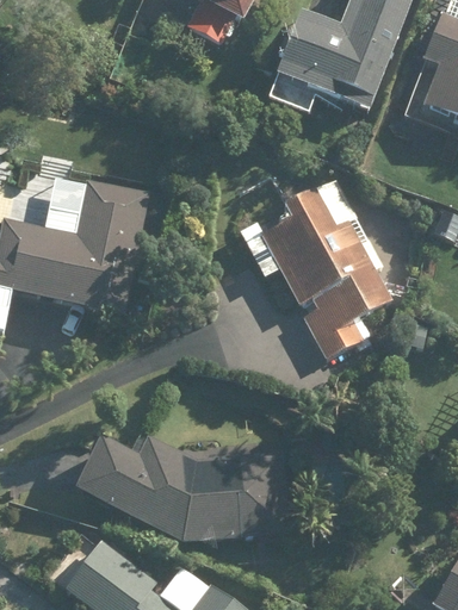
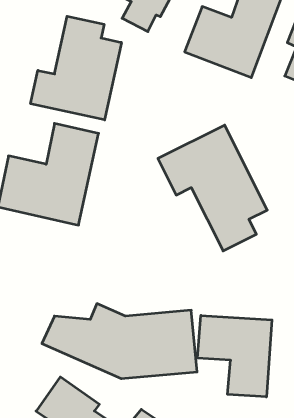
building: none -> [31,16,121,120]
building: none -> [198,315,272,397]

